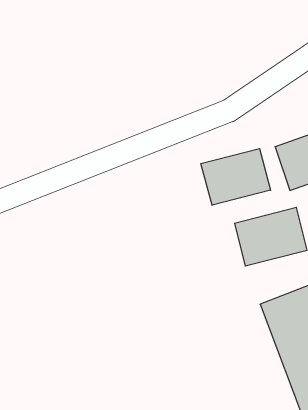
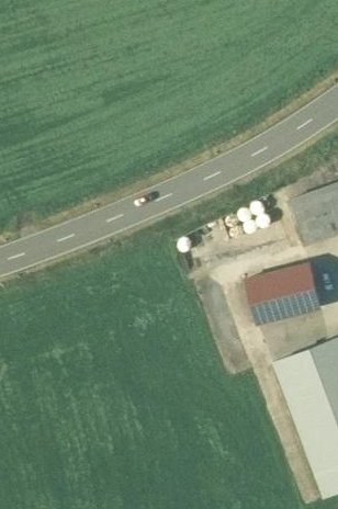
building: [201,149,271,205] -> none

